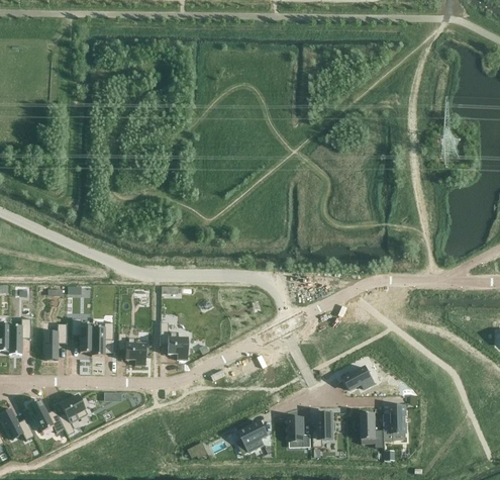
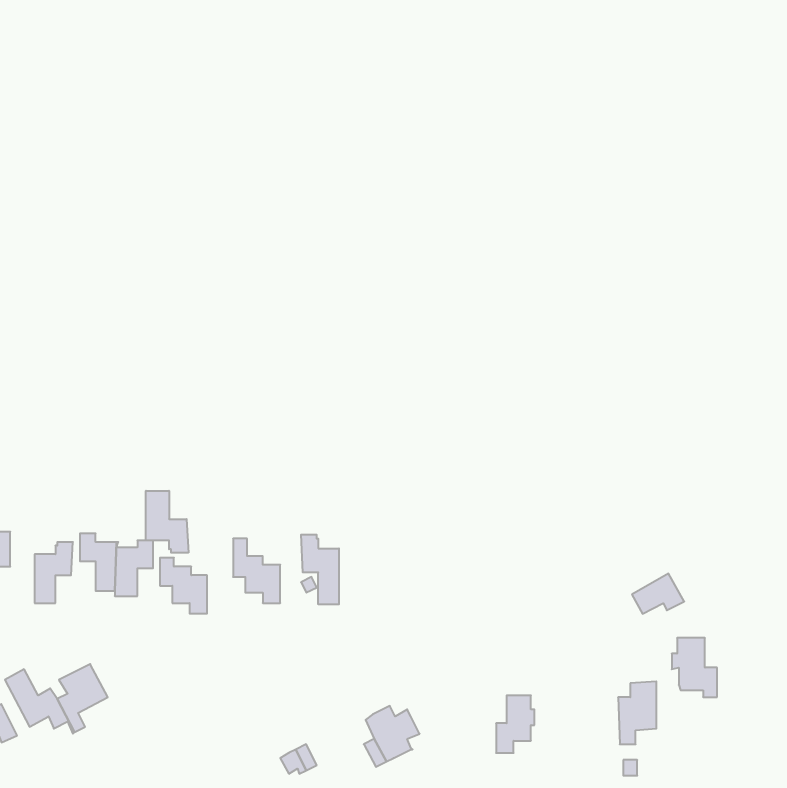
building: none -> [146,491,188,553]
building: none -> [301,535,339,604]
building: [343,366,374,389] -> [632,574,684,614]
building: [357,412,383,447] -> [672,638,717,697]
building: [288,416,310,447] -> none

